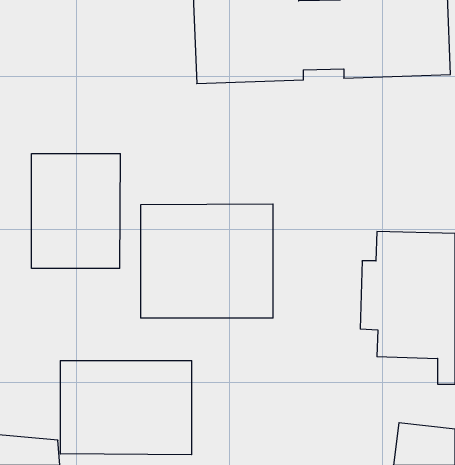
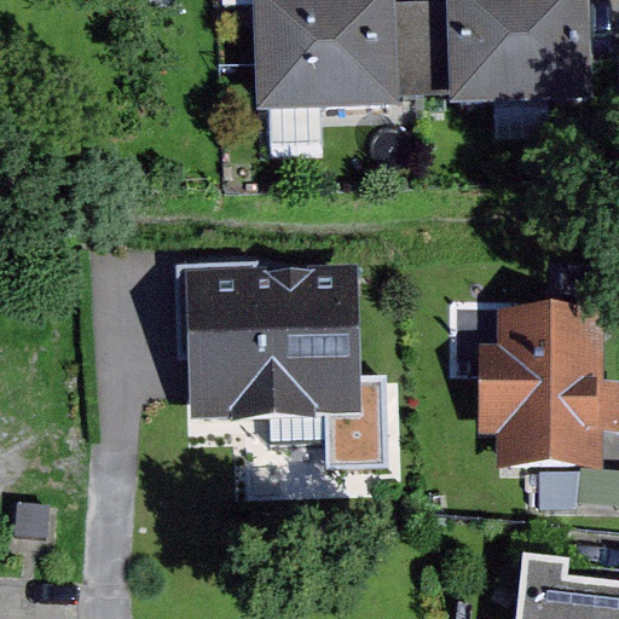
building: [32,154,120,268] -> none
building: [60,361,192,455] -> none

